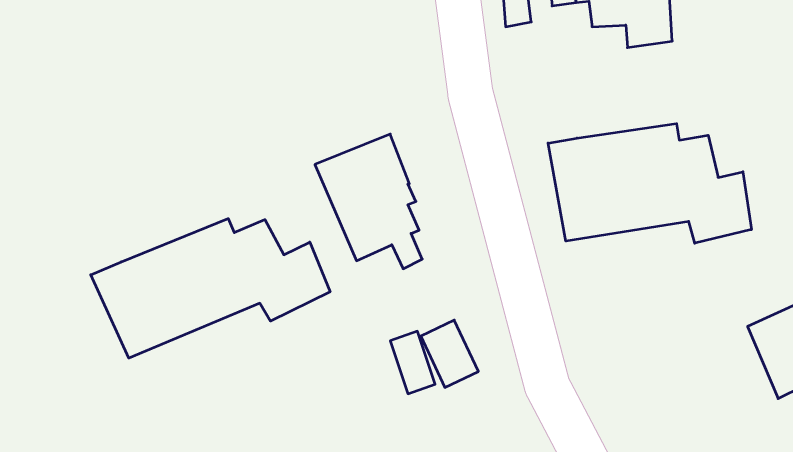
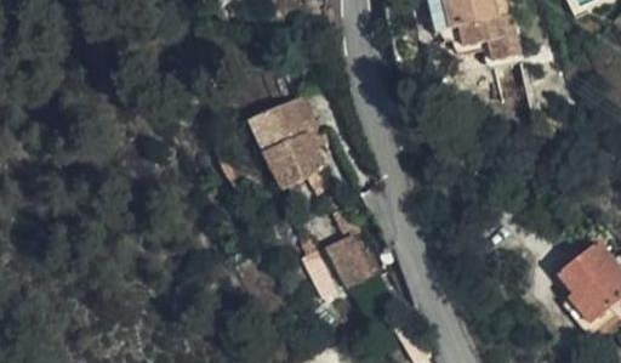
building: [548,124,751,243] -> none
building: [91,219,330,358] -> none

